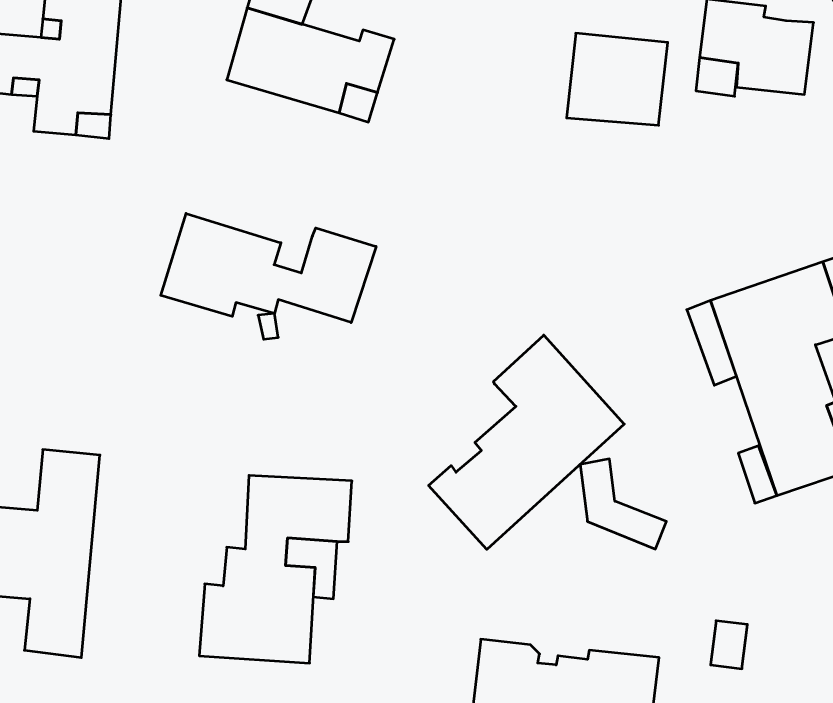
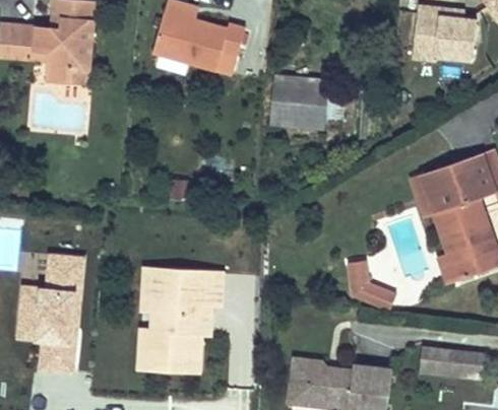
building: [567,33,668,125] -> [270,76,326,127]
building: [161,213,376,323] -> none
building: [429,335,624,549] -> none
building: none -> [139,267,165,310]
building: none -> [437,351,483,381]

